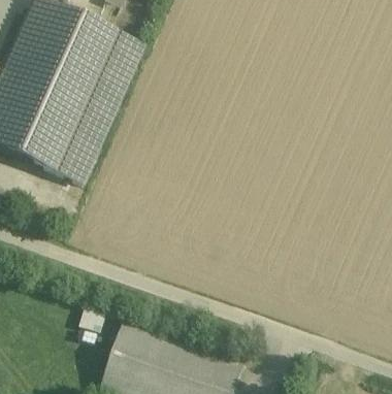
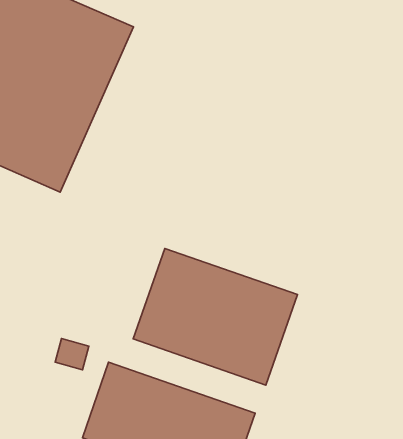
building: none -> [133,249,297,385]

